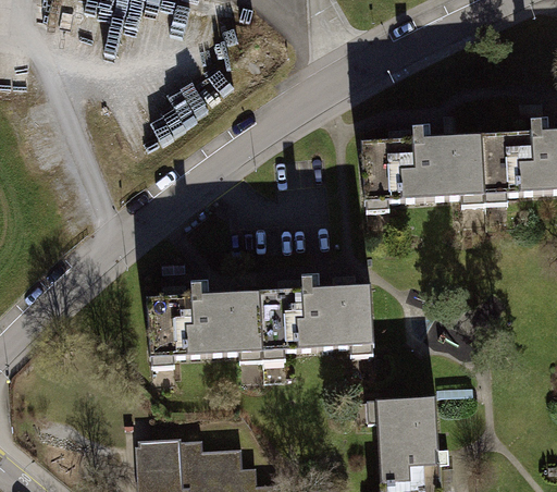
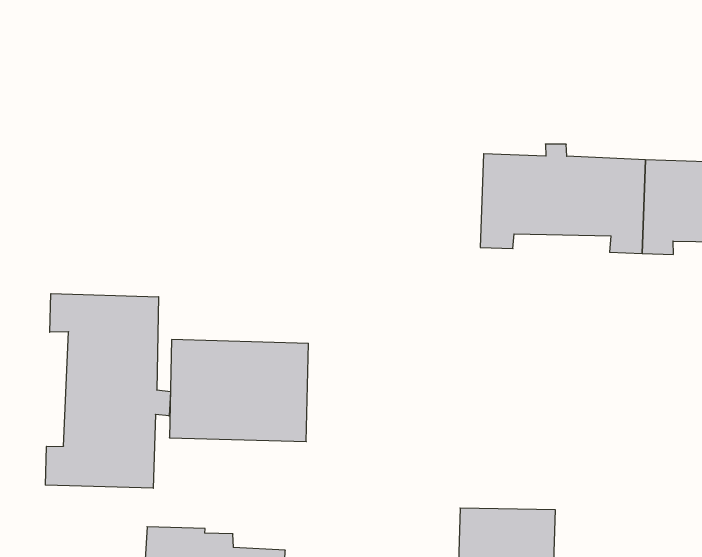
building: none -> [45,294,170,488]
building: [256,285,360,361] -> none

